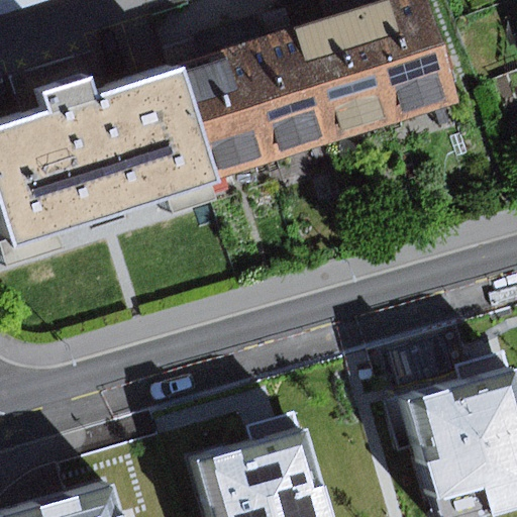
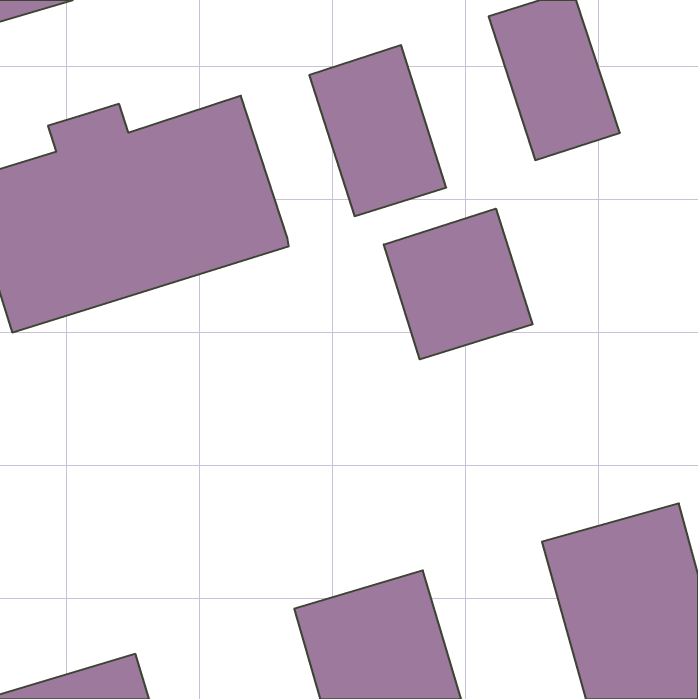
building: [296,12,395,138] -> none
building: [178,56,262,176] -> none
building: none -> [384,209,533,359]

